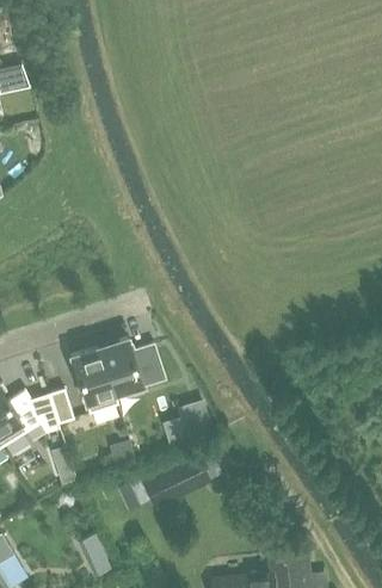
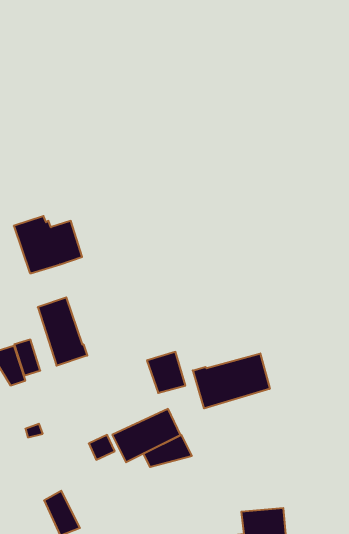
building: [98,339,164,394] -> [14,216,82,273]
building: none -> [193,353,270,408]
building: none -> [143,435,192,467]

